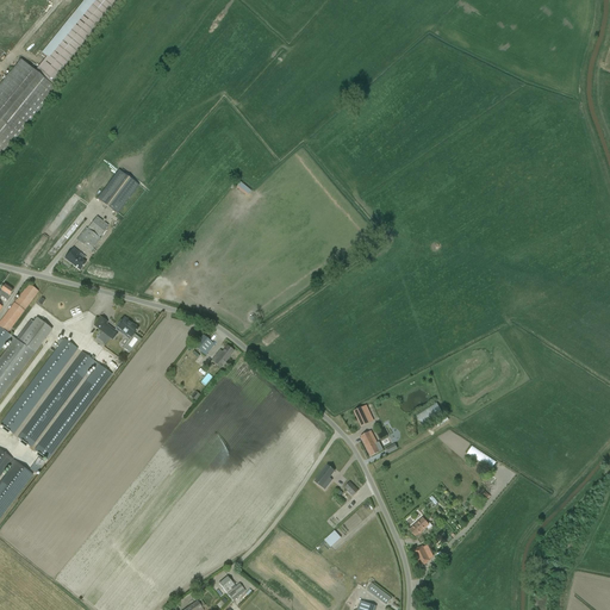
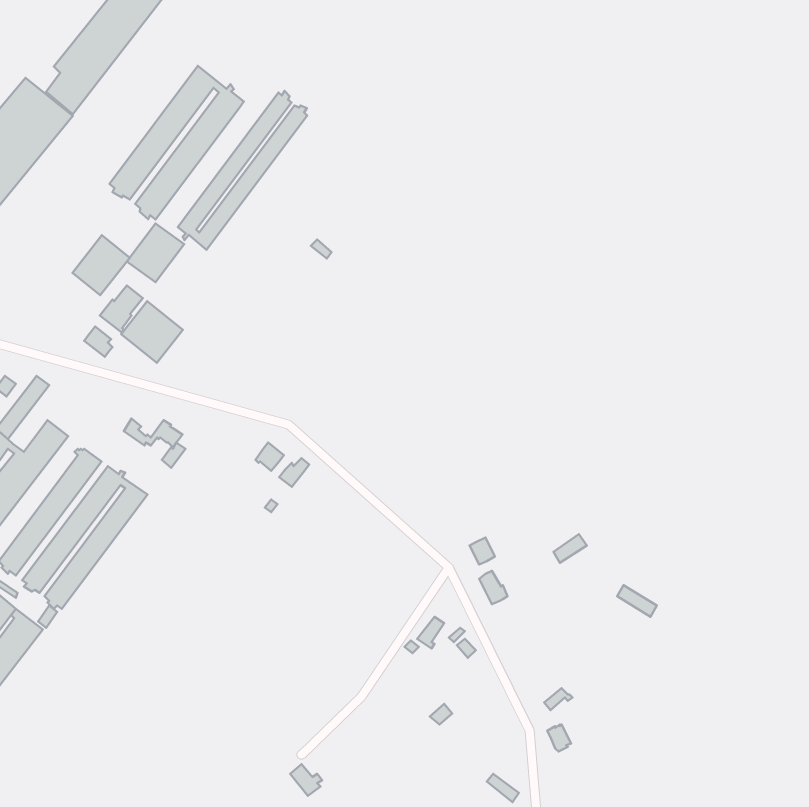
building: none -> [109,66,244,219]
building: none -> [178,91,307,250]
building: none -> [73,235,130,295]
building: none -> [121,301,183,363]

